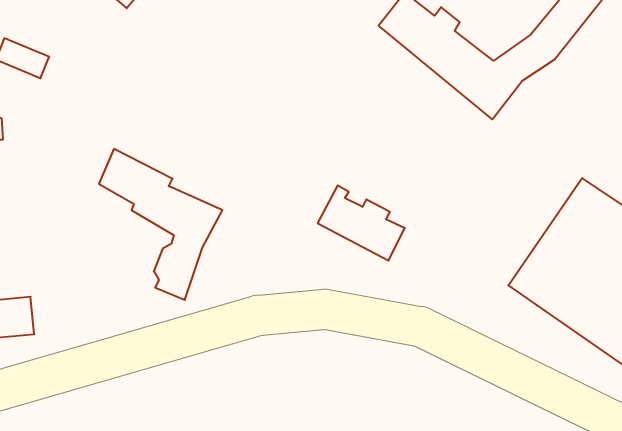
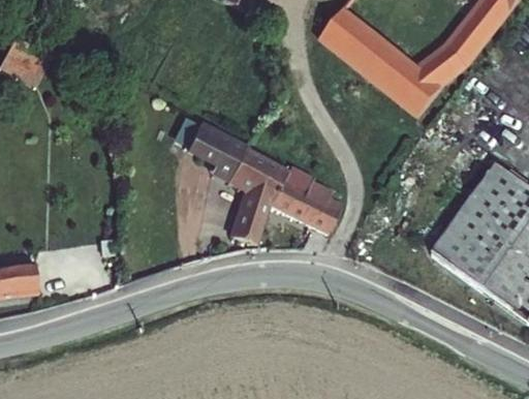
building: [99,149,222,300] -> [185,118,287,243]

